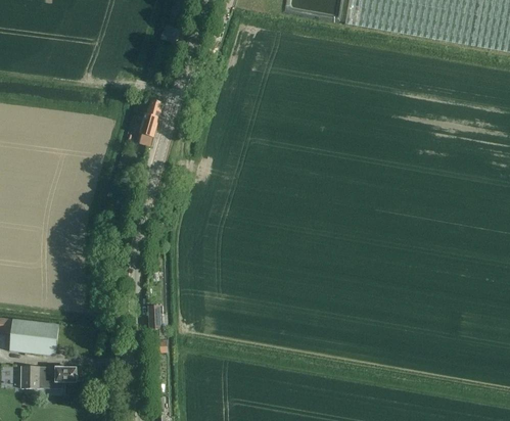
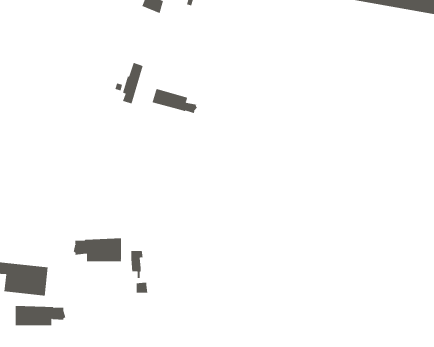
building: none -> [152,88,198,114]
building: none -> [73,238,121,262]

